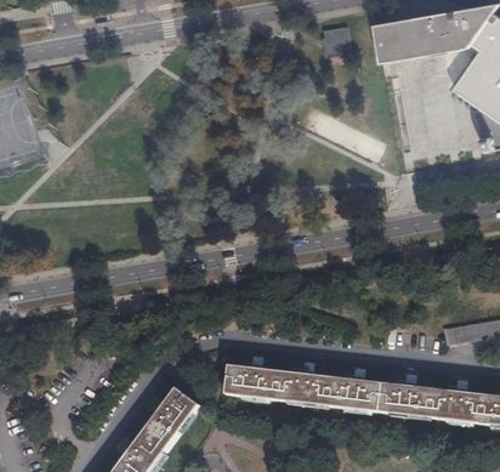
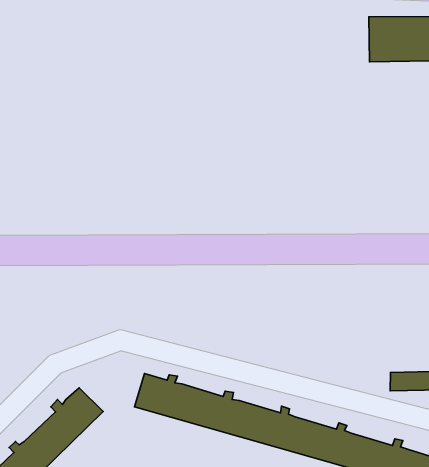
building: [319,27,350,58] -> none

